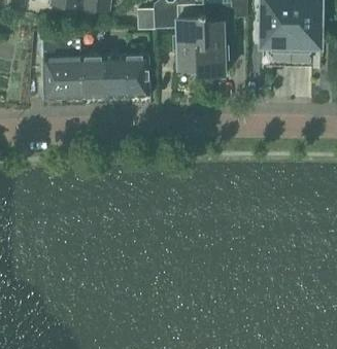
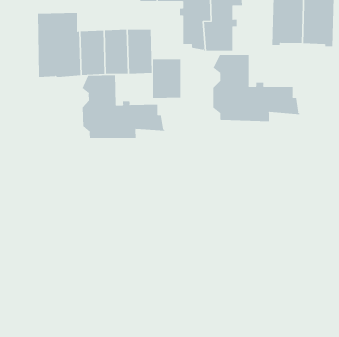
building: none -> [213,54,300,122]
building: none -> [153,59,181,99]
building: none -> [82,74,165,139]

